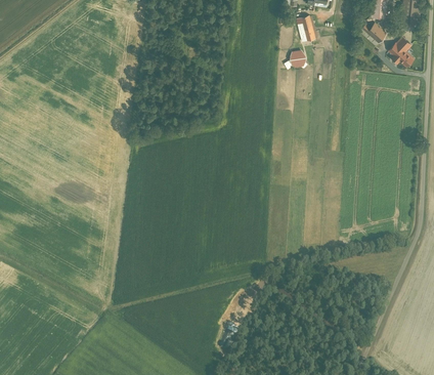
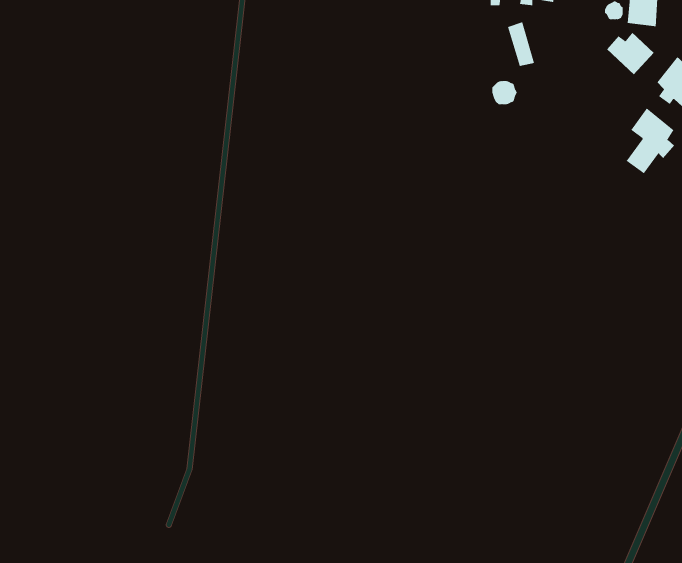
building: none -> [626,108,675,174]

